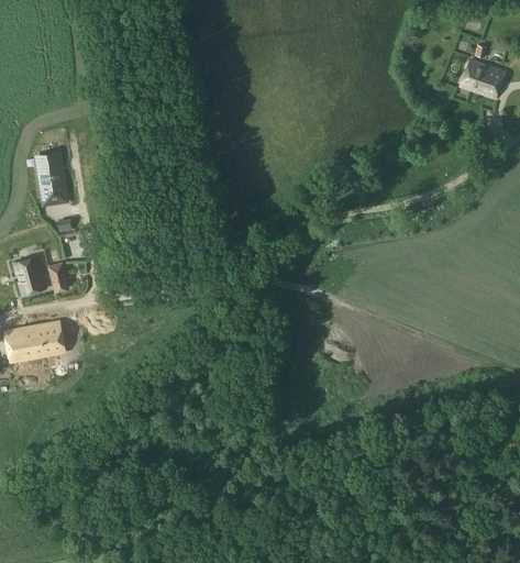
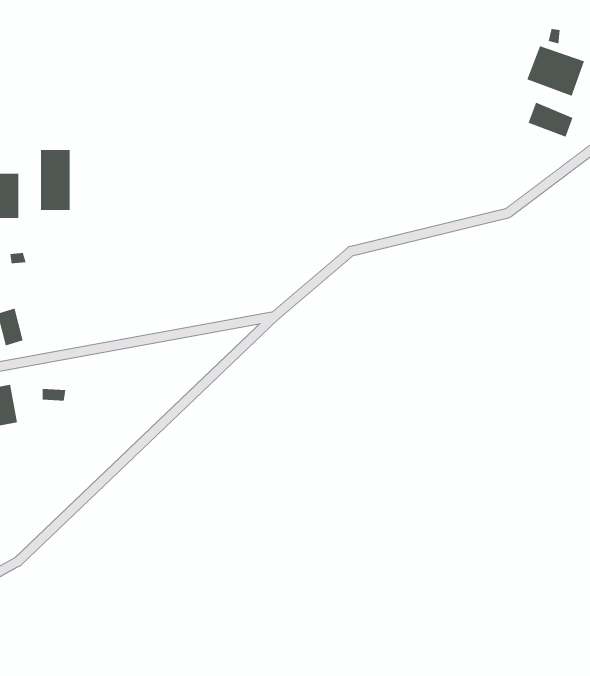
building: none -> [528,102,573,138]
building: none -> [41,149,70,211]

